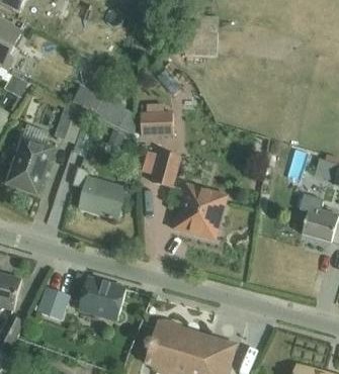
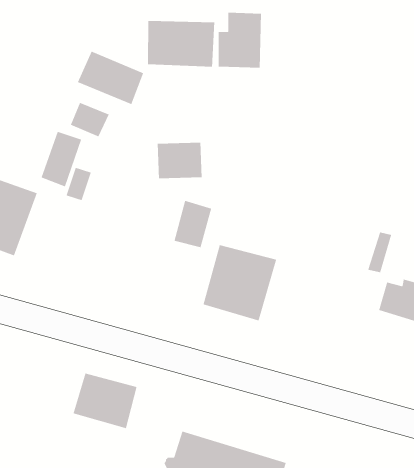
building: none -> [147,20,215,67]
building: none -> [77,50,144,105]
building: [72,166,125,218] -> none
building: [36,288,69,319] -> none

